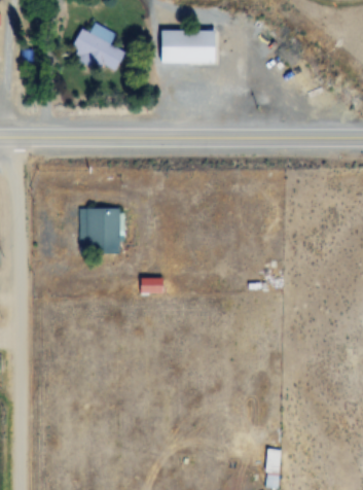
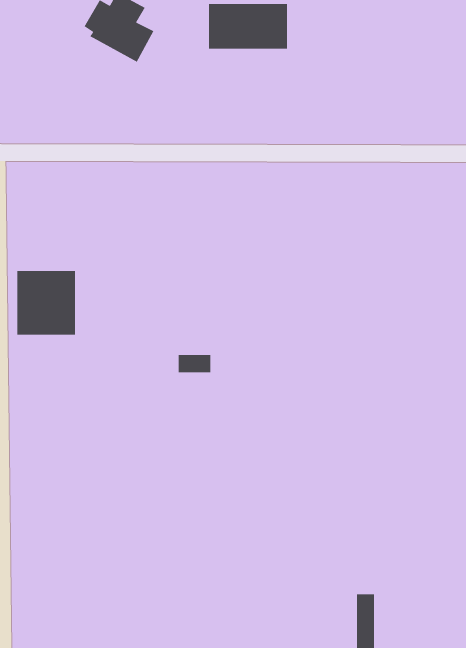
building: [78,208,120,254] -> [17,270,76,335]

